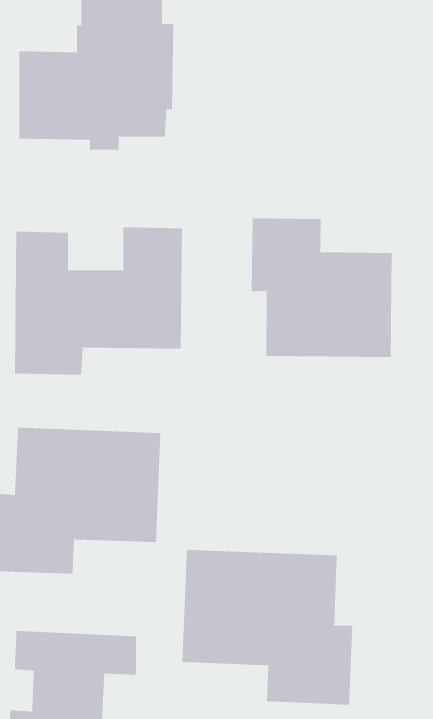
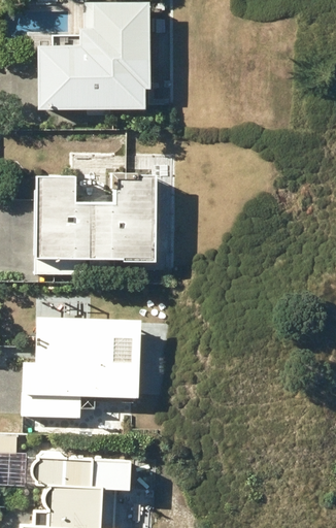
building: [251,217,392,358] -> none
building: [182,549,353,705] -> none

